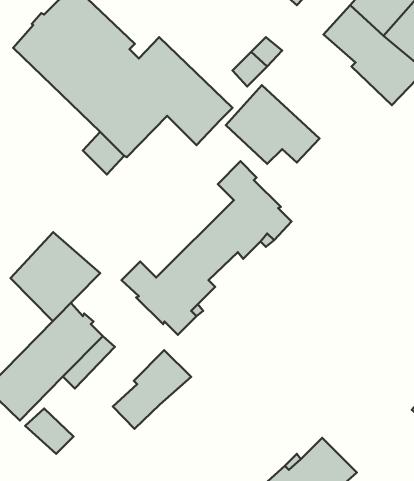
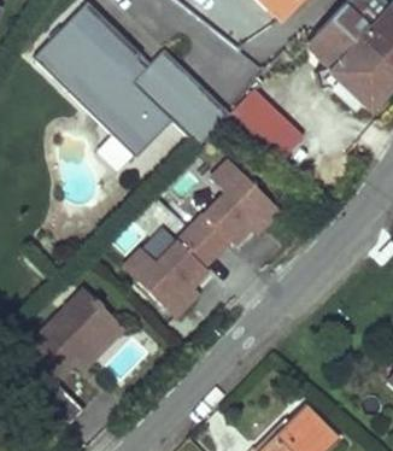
building: [10,232,100,321] -> none
building: [113,350,191,429] -> none

